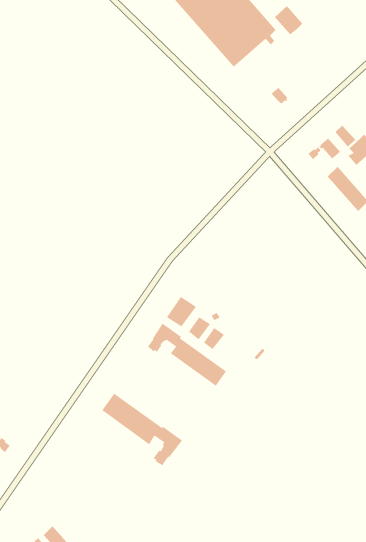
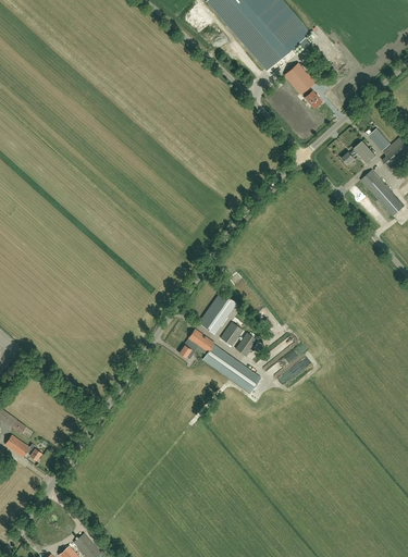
building: [274,5,303,35] -> [285,63,314,94]
building: [101,393,183,466] -> none

